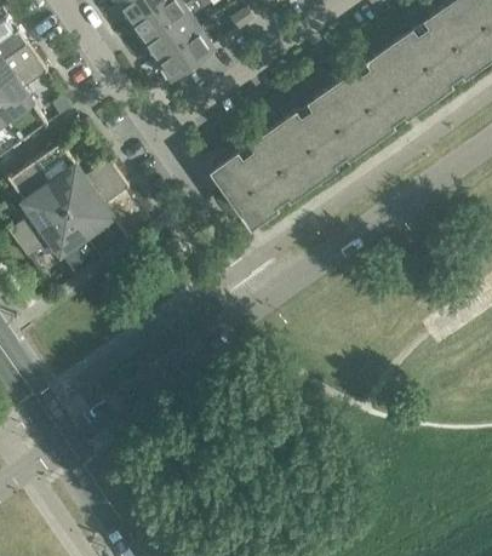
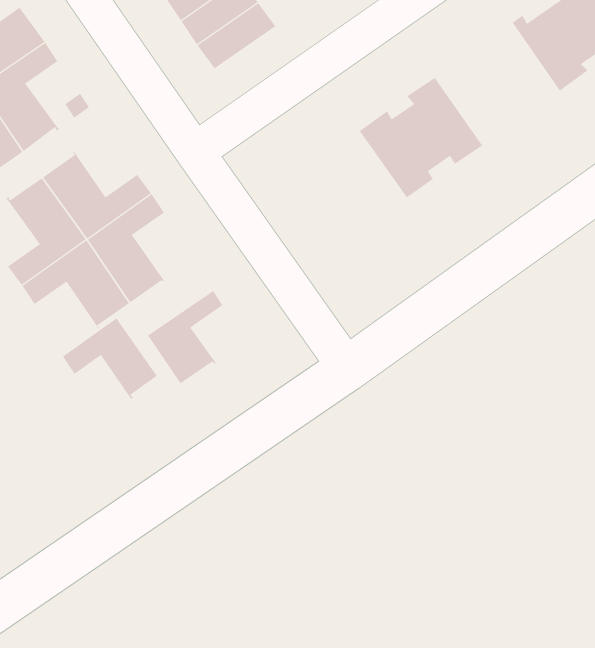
building: [334,45,429,138] -> none
building: [211,127,313,227] -> none
building: none -> [147,290,223,384]
building: none -> [62,318,158,400]

